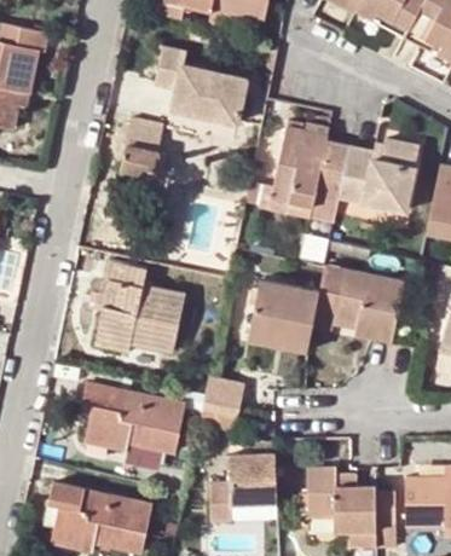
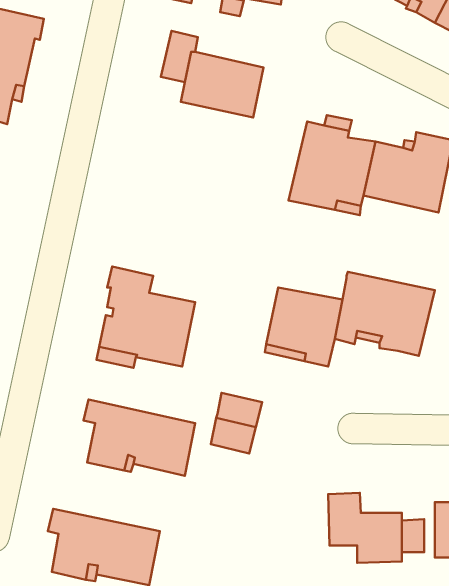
building: [120,118,166,176] -> none
building: [210,452,276,521] -> none

